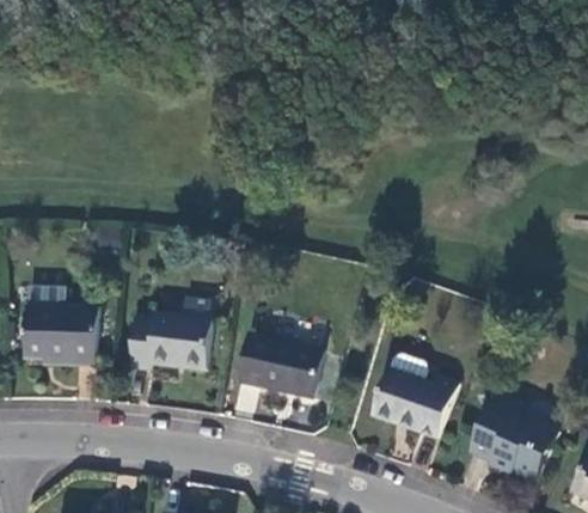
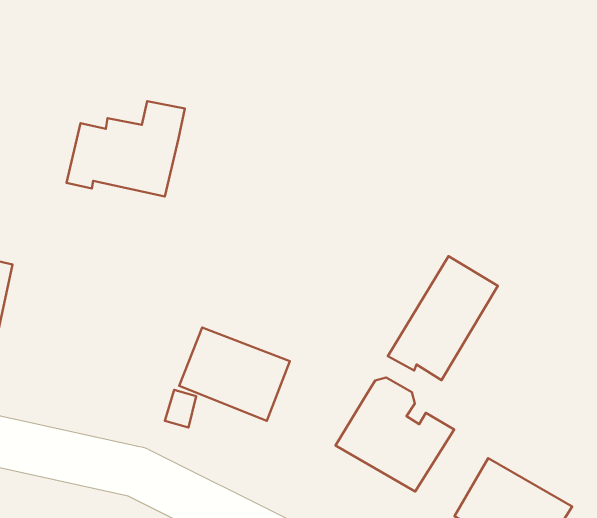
building: none -> [388,256,498,380]
building: [128,294,210,368] -> [67,101,185,197]

